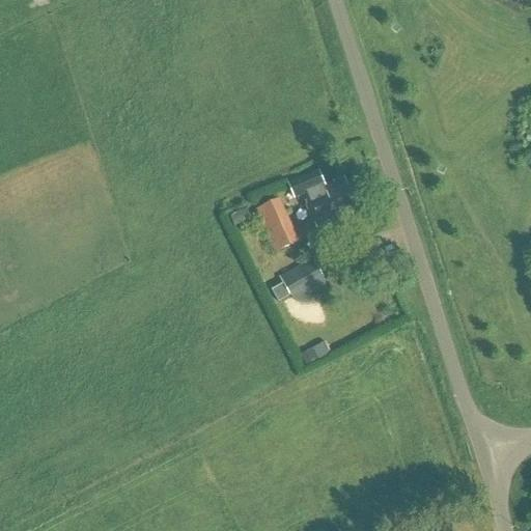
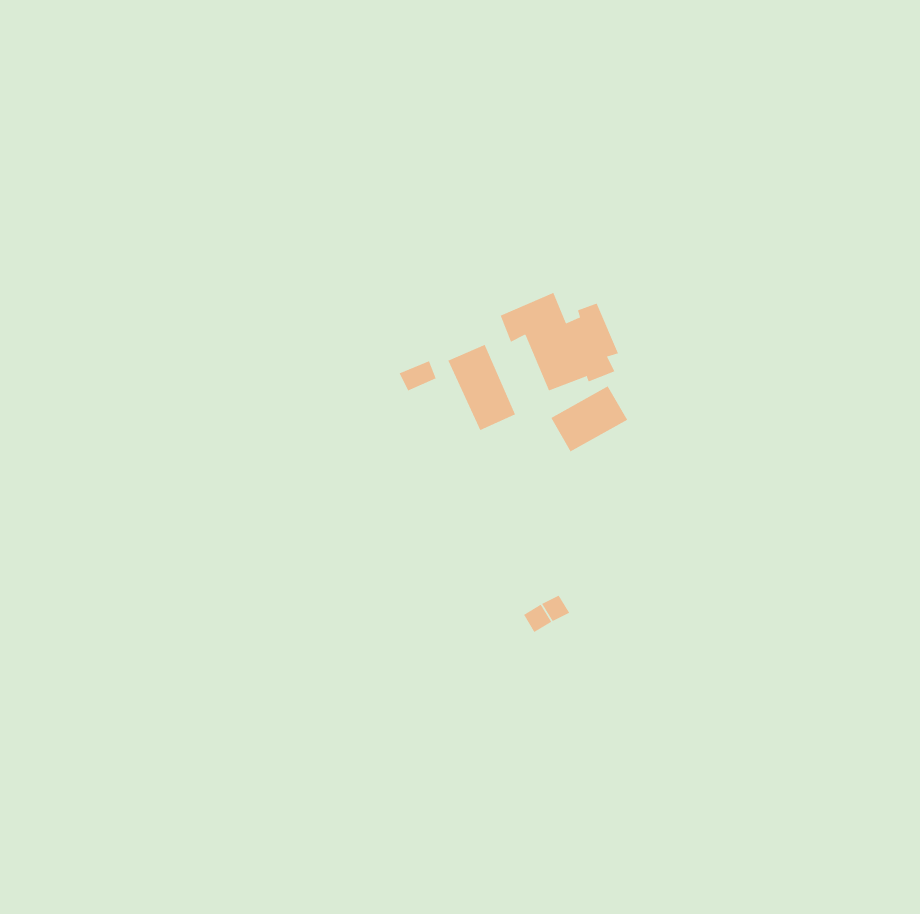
building: [281,256,326,295] -> [550,385,628,452]

